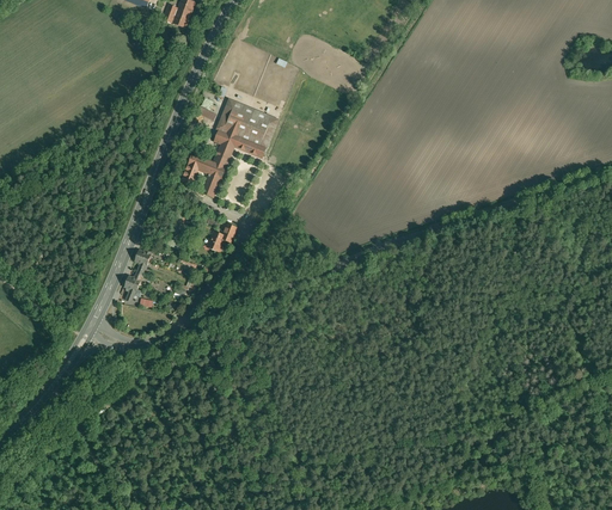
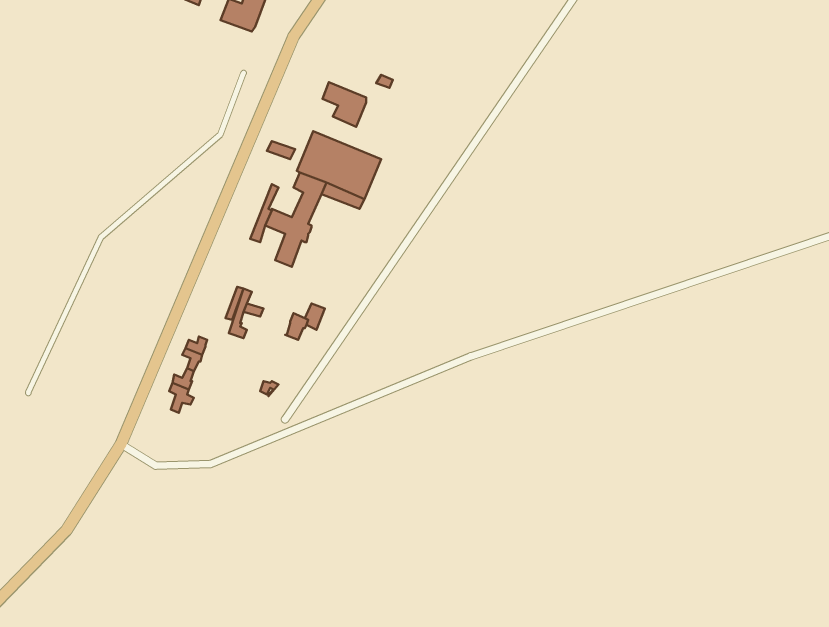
building: none -> [322,82,366,127]

